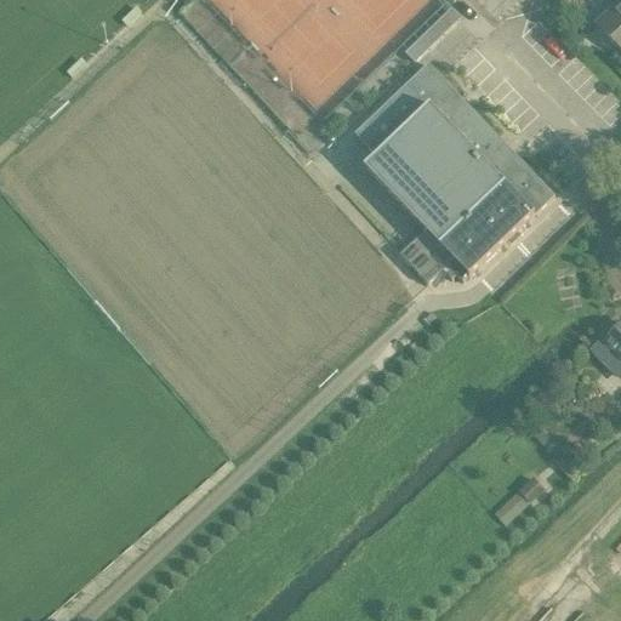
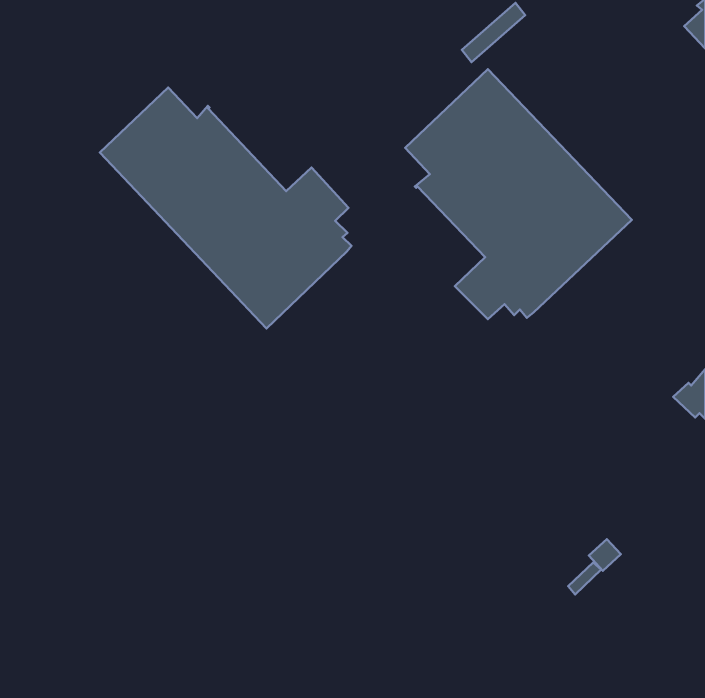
building: none -> [100,88,352,329]

